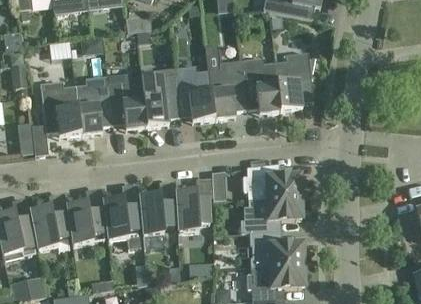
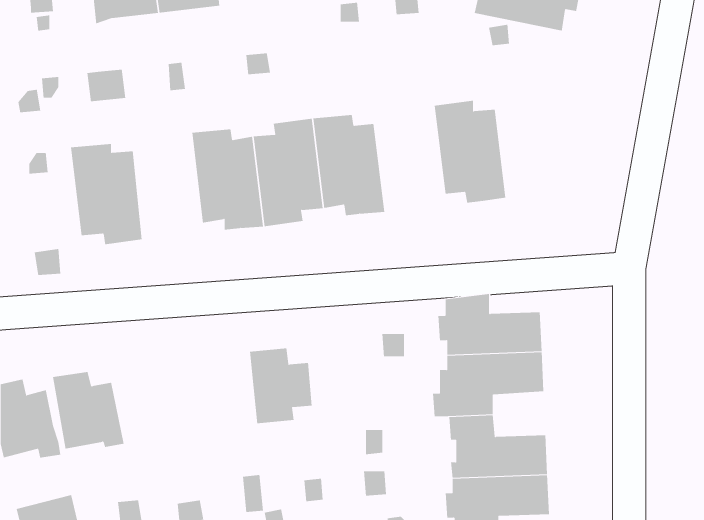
building: [205,43,247,118] -> none
building: [275,51,315,110] -> none
building: [75,74,113,133] -> none
building: [176,189,209,230] -> none
building: [103,197,141,247] -> none
building: [66,201,103,244] -> none

